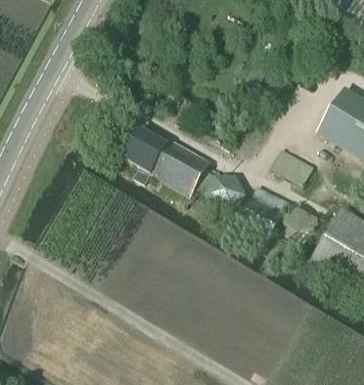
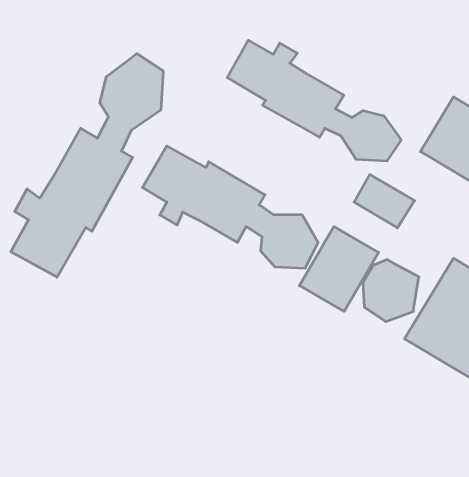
building: none -> [227,40,401,161]
building: none -> [11,54,163,277]

